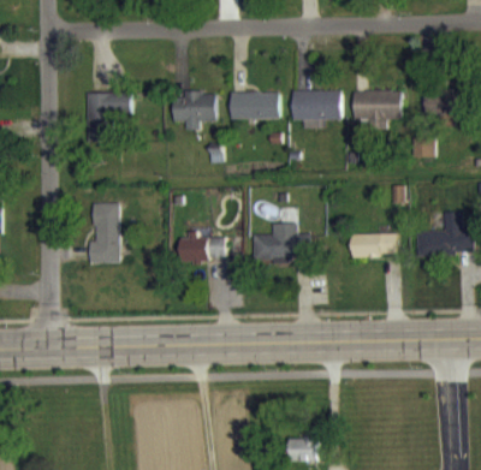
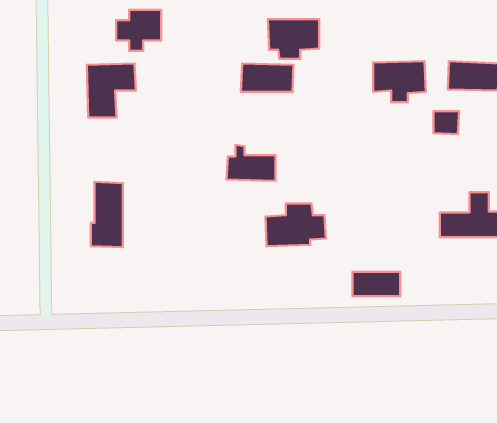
building: [292,90,340,127] -> [268,19,319,59]
building: [173,91,215,130] -> [116,10,161,51]
building: [179,227,225,261] -> [227,145,275,181]
building: [352,233,397,256] -> [353,272,400,296]

